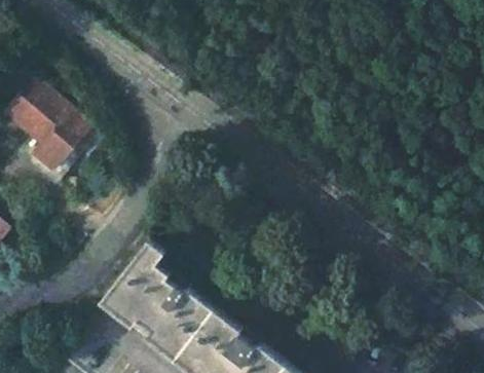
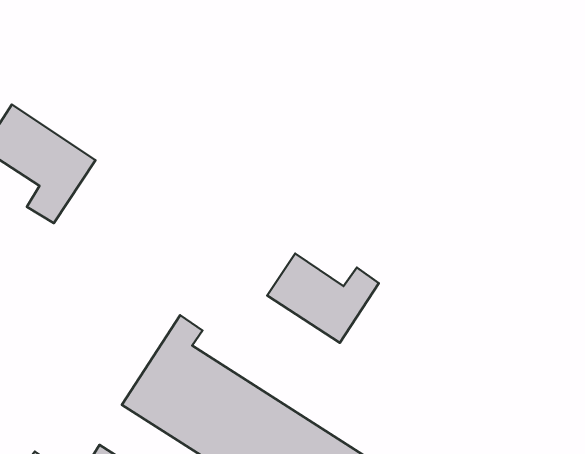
building: none -> [267,254,379,343]

